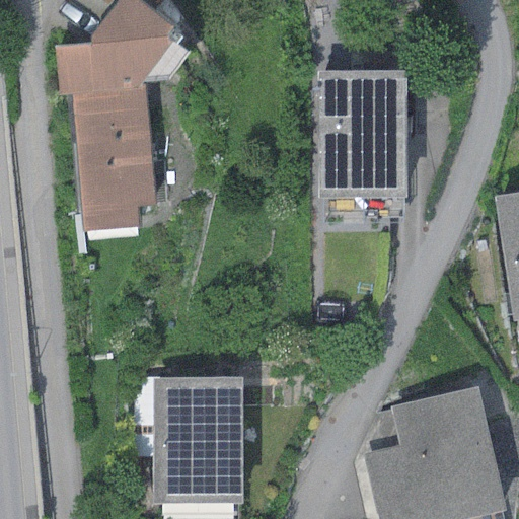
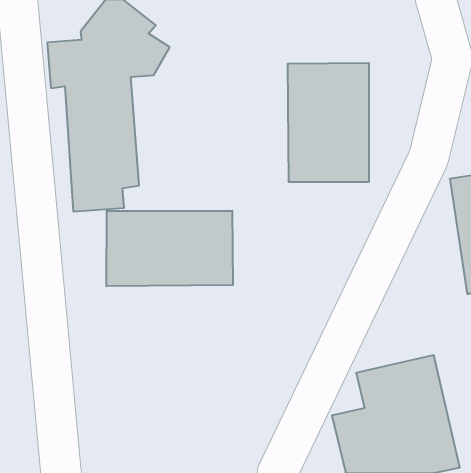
building: none -> [106,211,233,286]
building: [151,376,240,504] -> none

